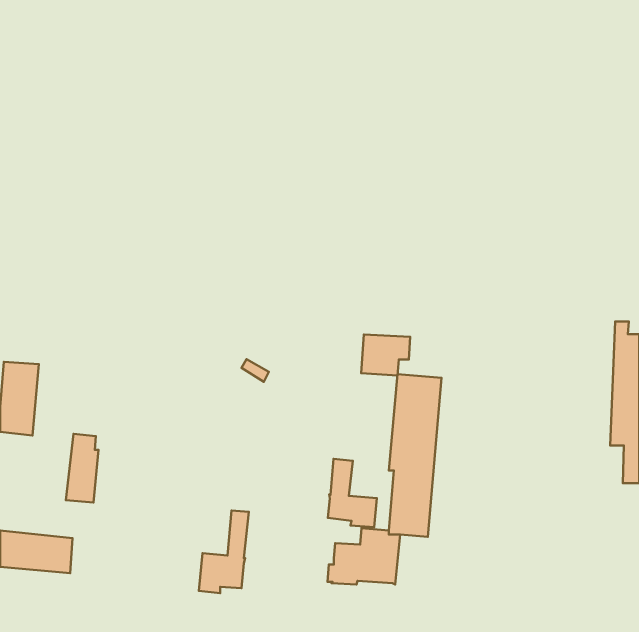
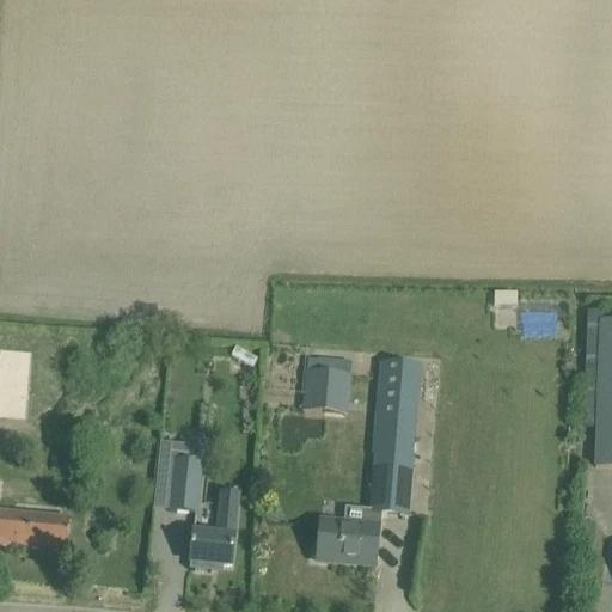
building: [361,334,410,376] -> [302,368,349,408]
building: [66,434,98,503] -> [170,442,201,508]
building: [328,459,377,527] -> none

